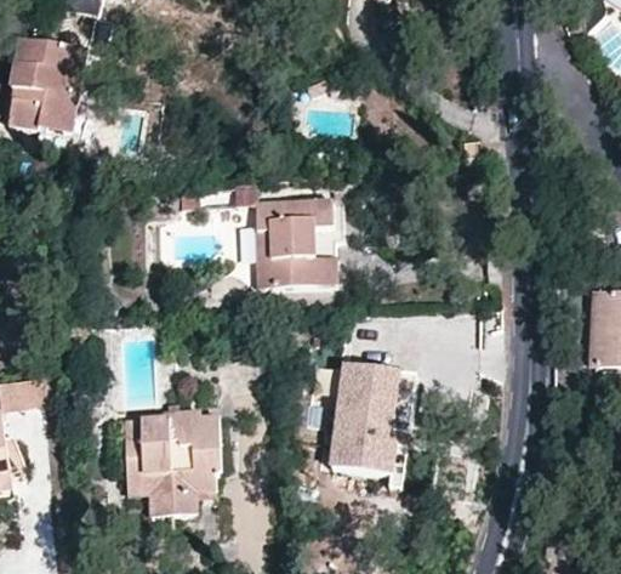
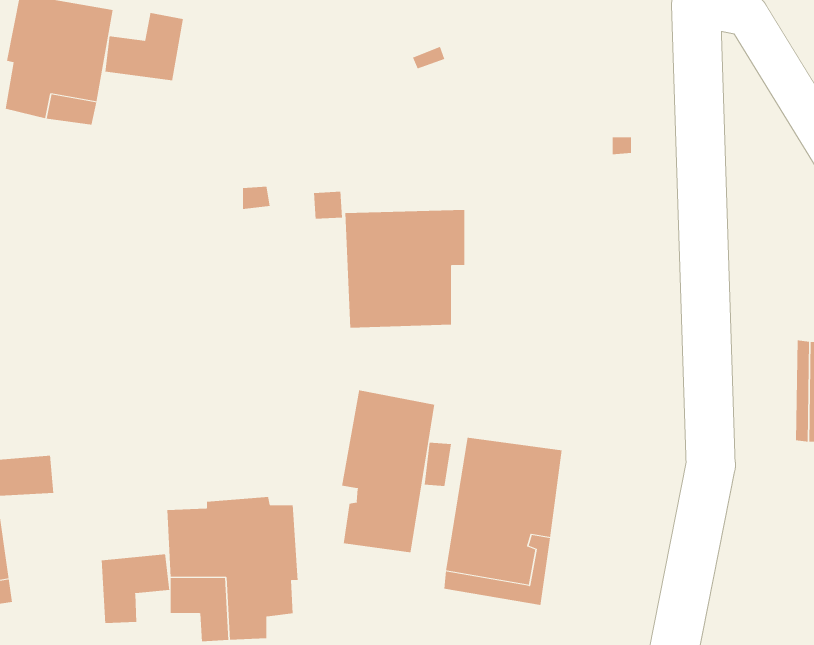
building: none -> [105,12,184,81]
building: none -> [341,390,435,553]
building: none -> [101,554,170,624]

